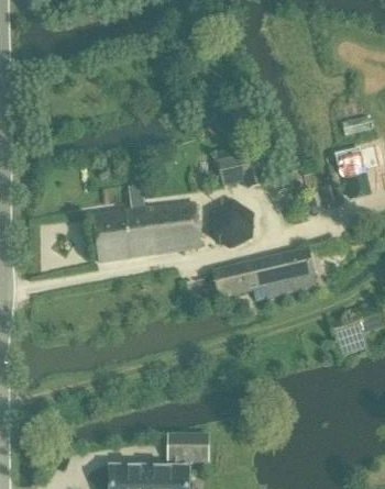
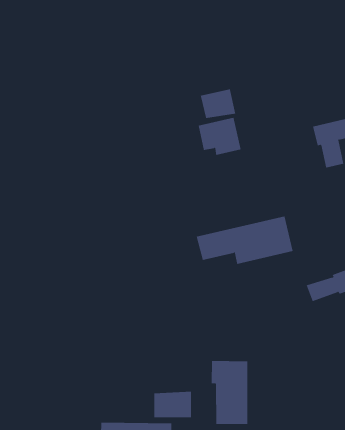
building: none -> [200,88,236,119]
building: [92,185,200,262] -> none
building: none -> [211,360,248,425]

